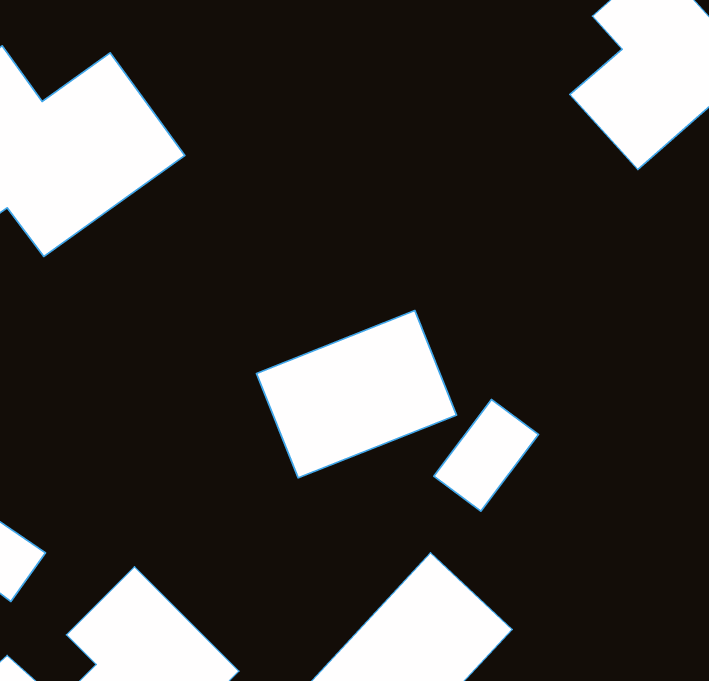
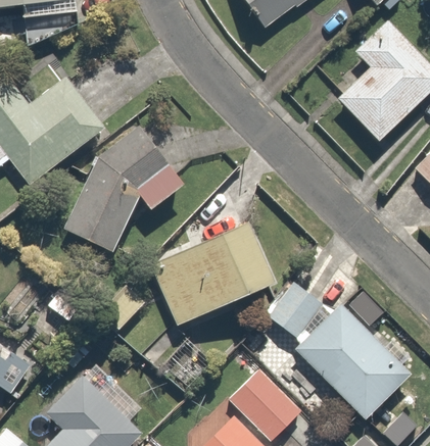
building: none -> [61,130,182,253]
building: none -> [297,306,409,417]

